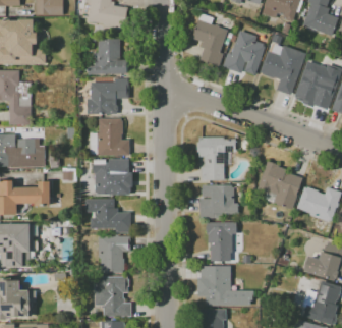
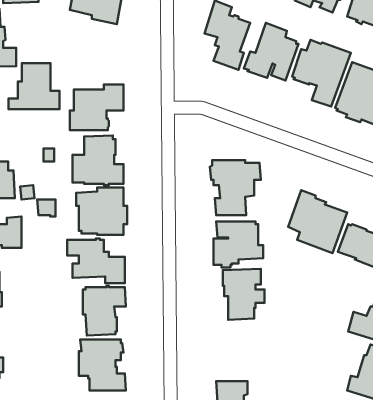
building: [88,38,127,73] -> [9,63,60,109]
building: [197,265,253,305] -> none

